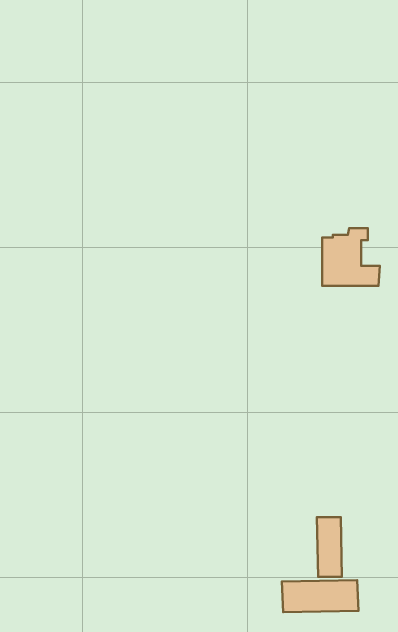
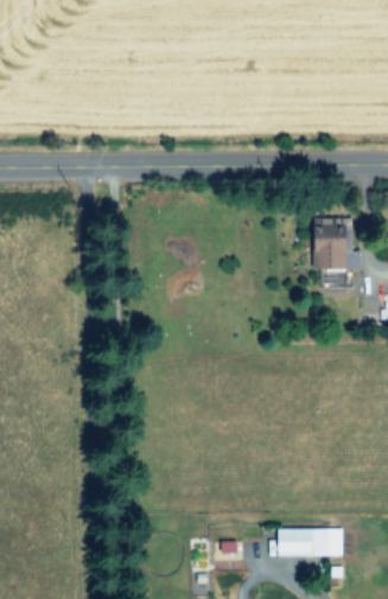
building: [317,517,342,577] -> none

